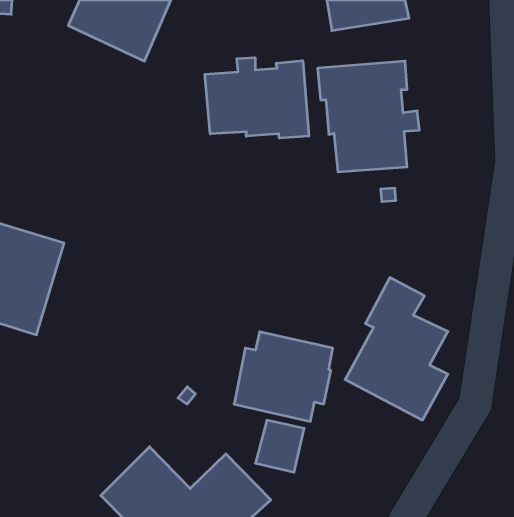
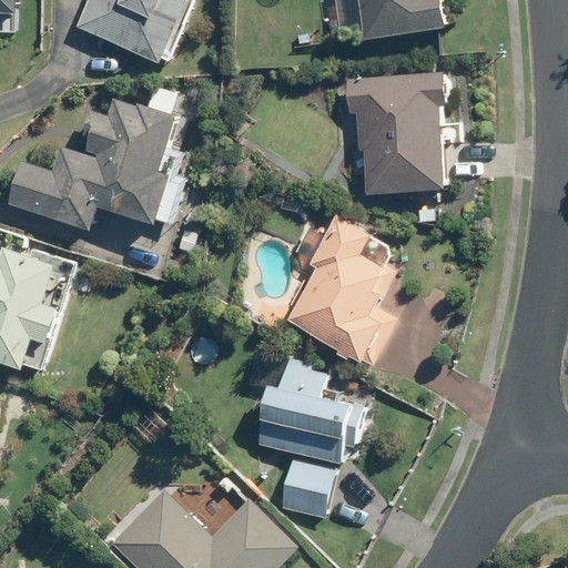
building: [205,58,309,138] -> none
building: none -> [7,97,183,229]
building: [345,278,448,420] -> [284,213,396,368]

